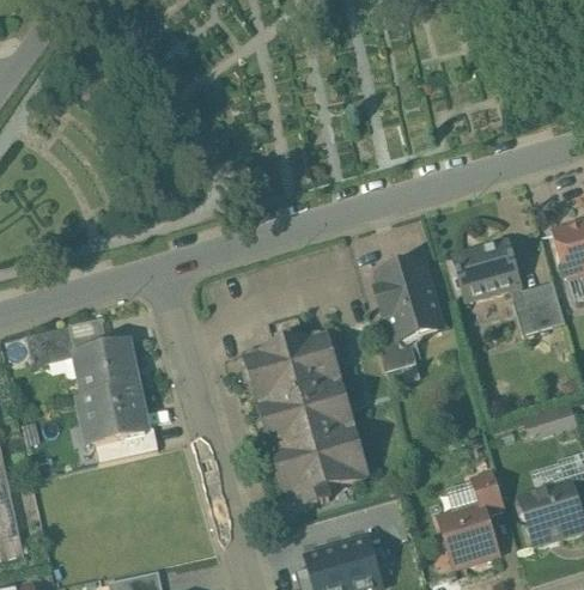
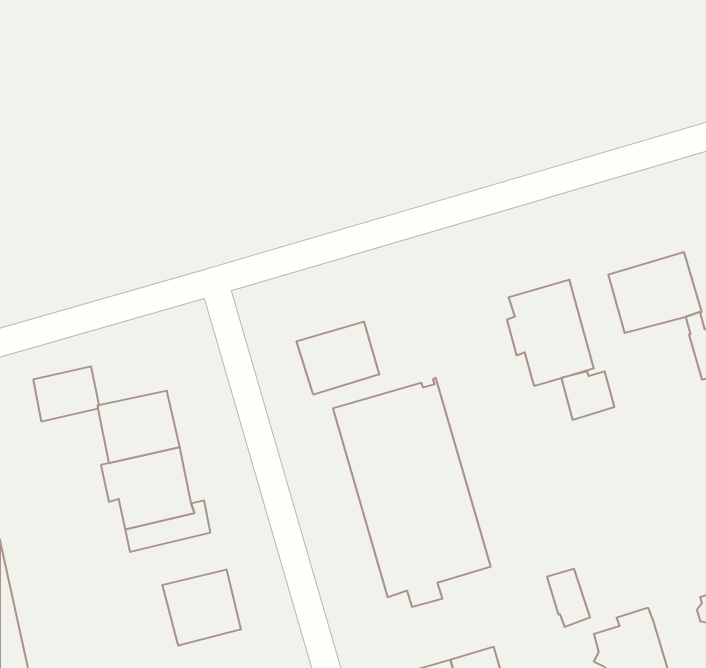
building: none -> [297,322,379,395]
building: [377,335,416,371] -> [561,371,614,420]
building: [473,470,505,513] -> [547,569,590,627]
building: none -> [162,569,241,646]

